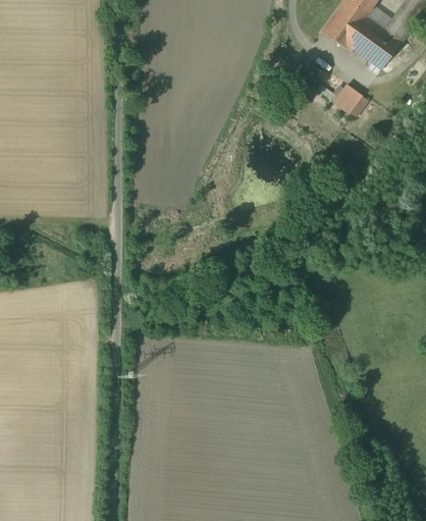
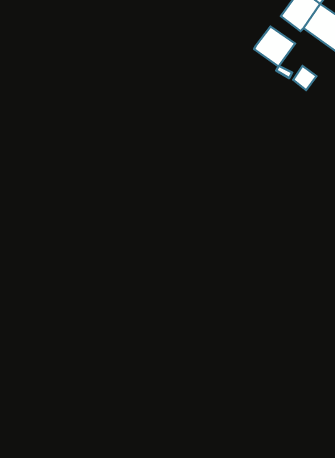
building: none -> [254,27,295,66]

